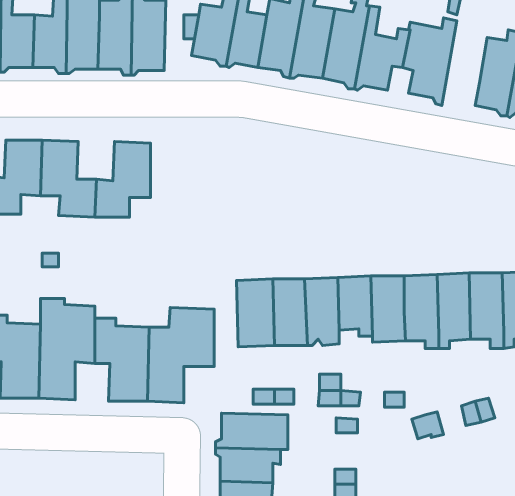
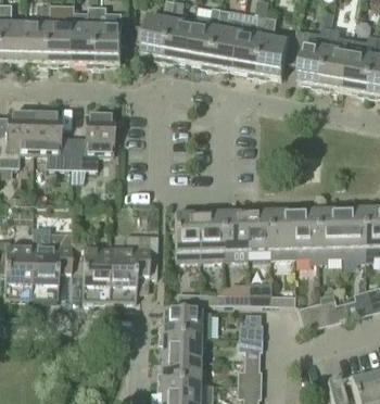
building: none -> [321,27,354,88]

